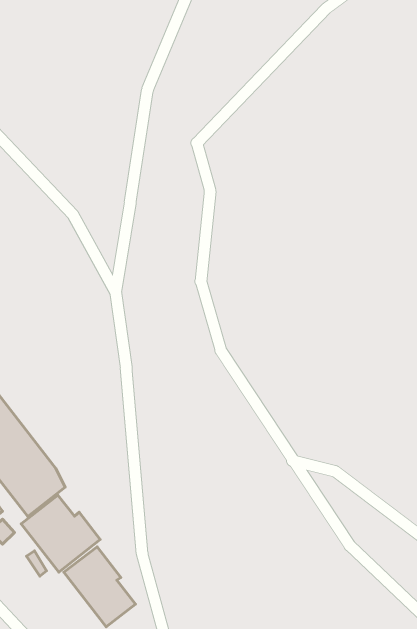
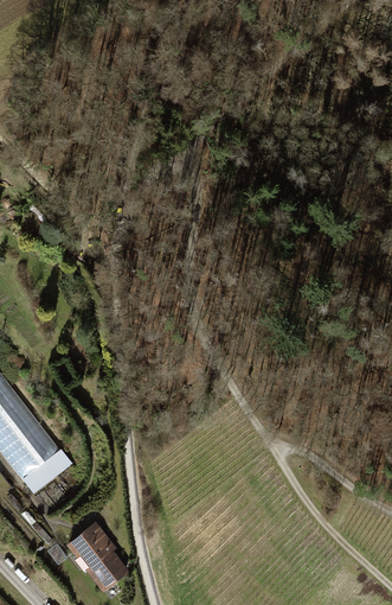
building: [21,495,100,572] -> none

